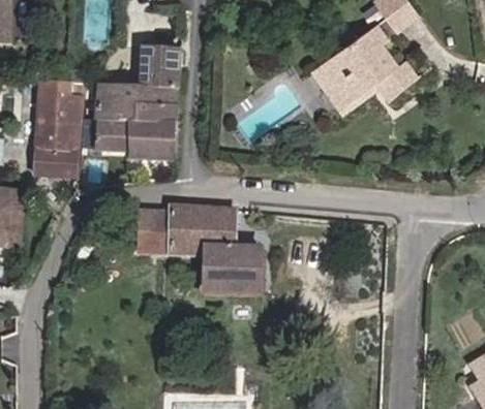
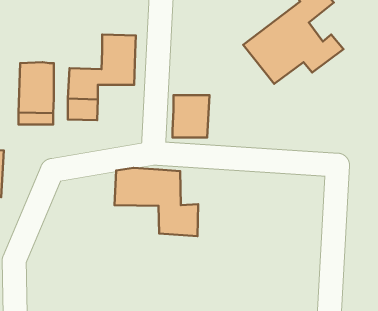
building: [131,108,176,159] -> [172,95,210,138]
building: [37,156,79,178] -> none

